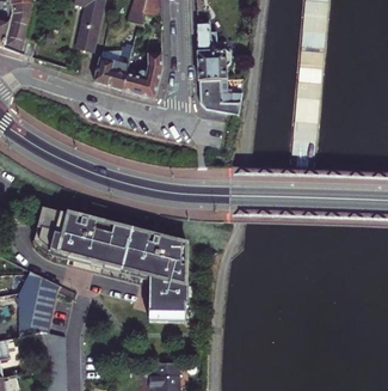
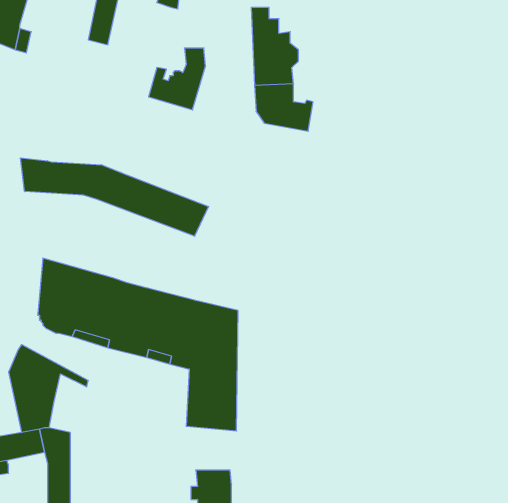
building: [93,43,133,88] -> none
building: none -> [21,158,209,236]

